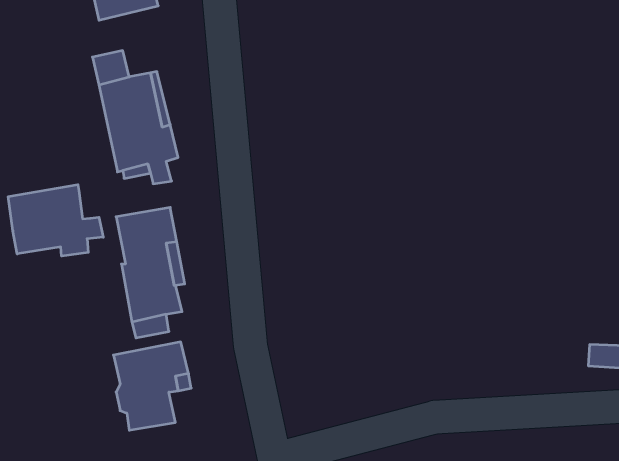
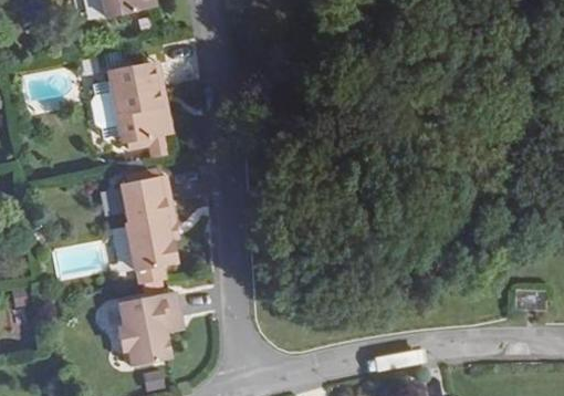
building: [8,185,103,256] -> none

